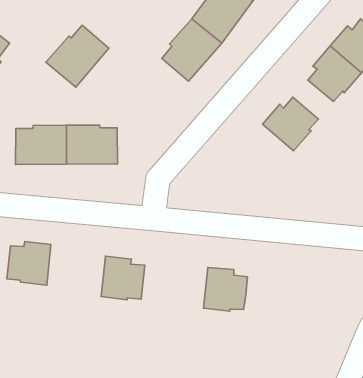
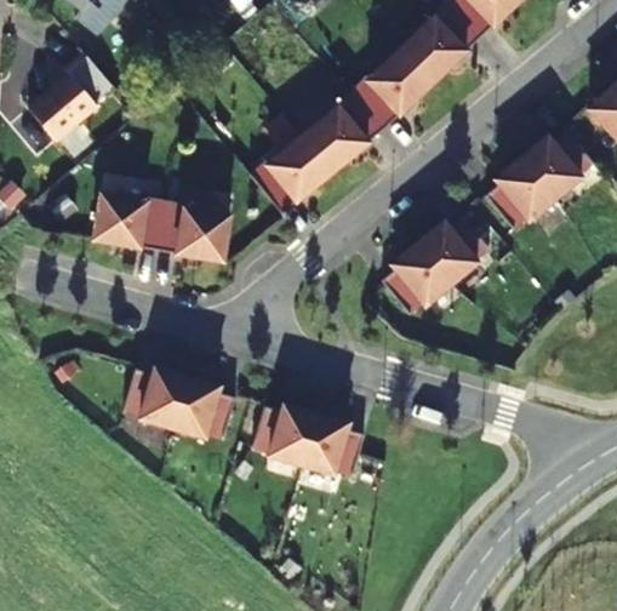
building: [46,25,109,87] -> [248,136,332,213]
building: none -> [381,242,451,314]
building: [7,241,51,285] -> [122,366,187,427]
building: none -> [251,404,315,464]

